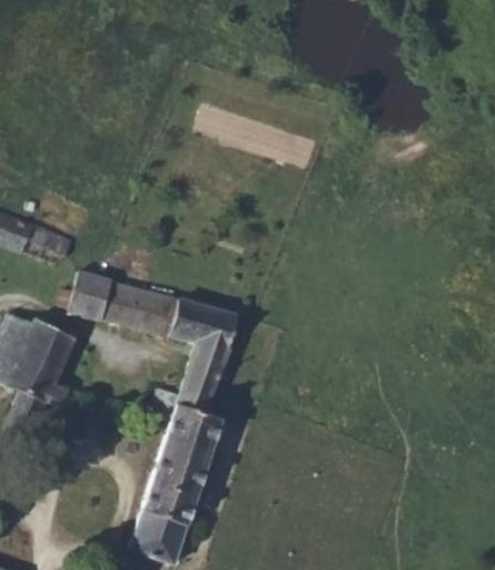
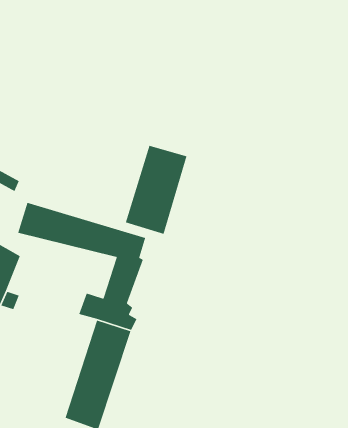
building: none -> [125,145,188,235]

